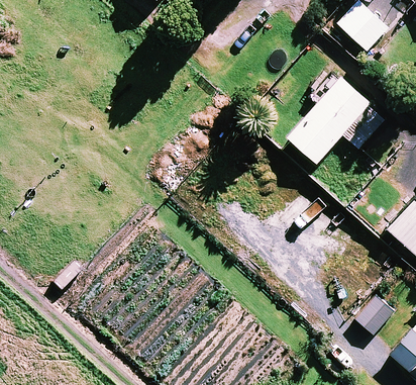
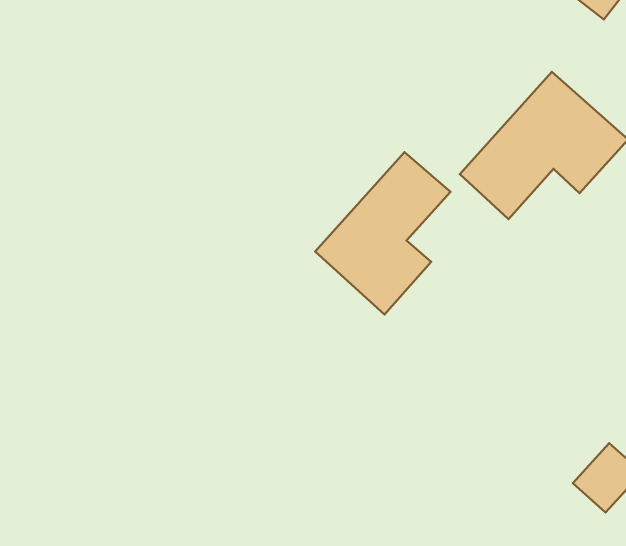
building: none -> [315,152,450,314]

